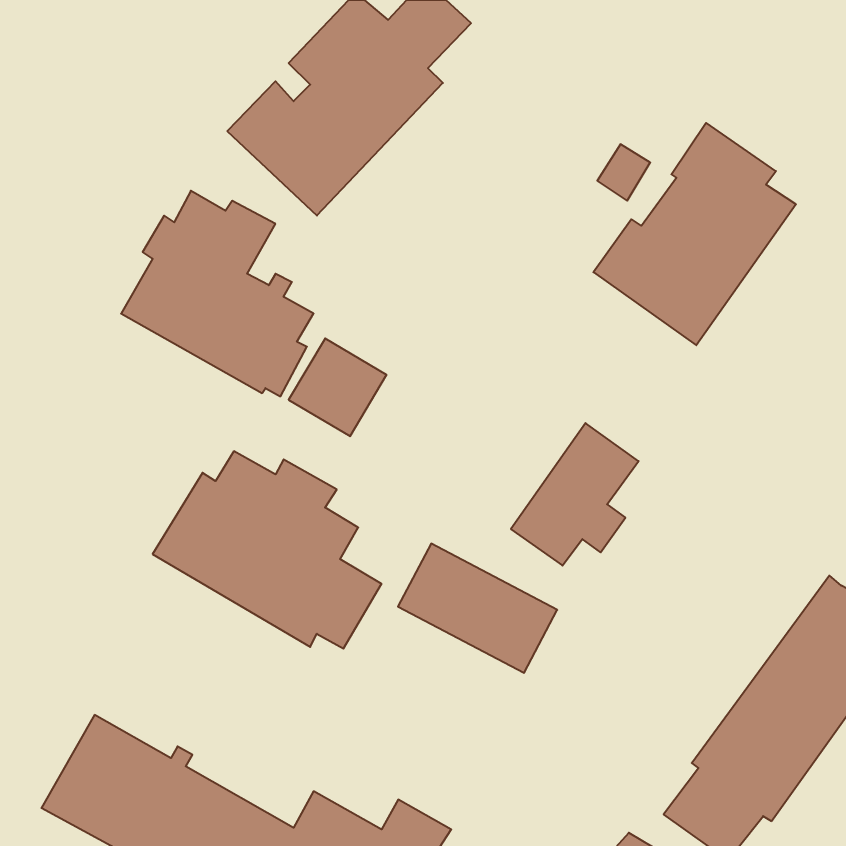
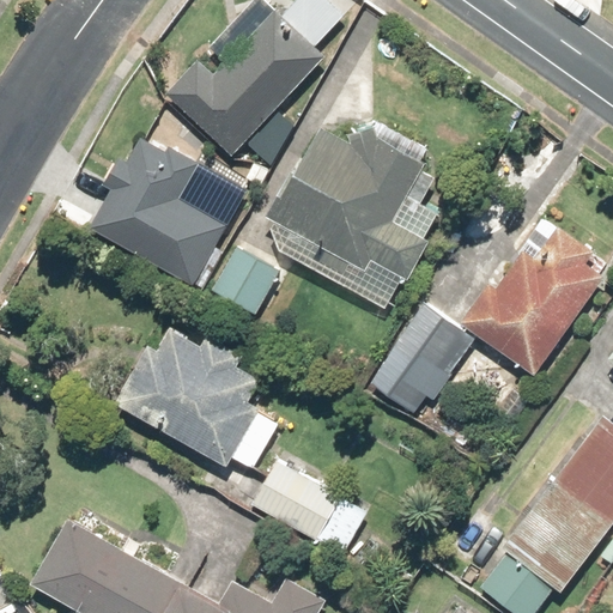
building: [593,123,796,345] -> [460,214,606,375]
building: none -> [266,120,427,311]
building: [398,544,557,673] -> [251,461,366,554]

